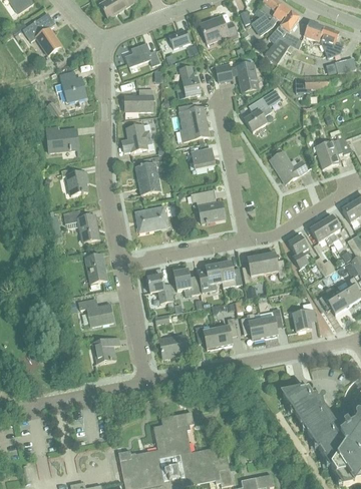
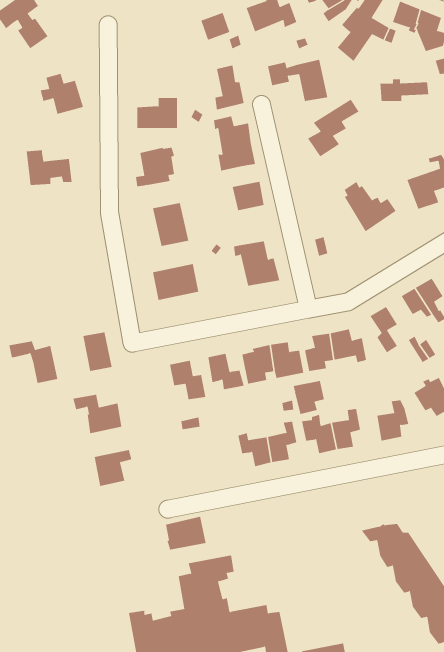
building: [125,43,159,66] -> none
building: [61,166,87,193] -> none
building: [63,210,98,240] -> [8,341,58,384]
building: none -> [293,380,324,415]
building: [159,334,189,358] -> [165,516,206,550]

